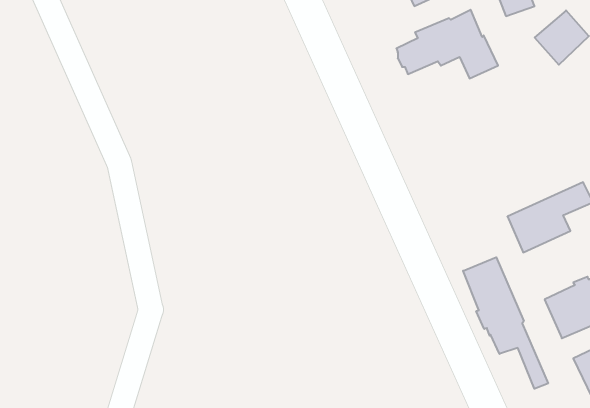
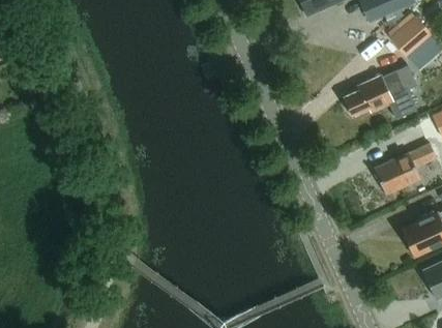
building: [396,10,498,78] -> [344,69,417,119]
building: [463,257,548,389] -> none

